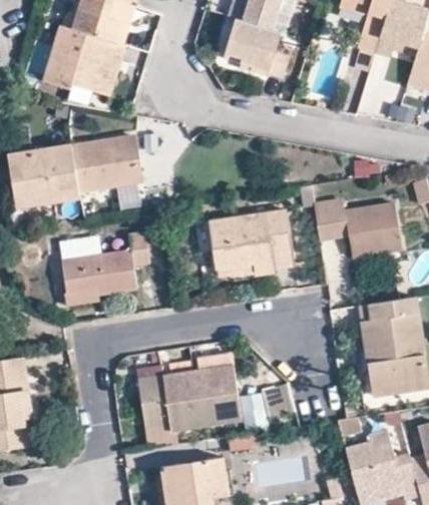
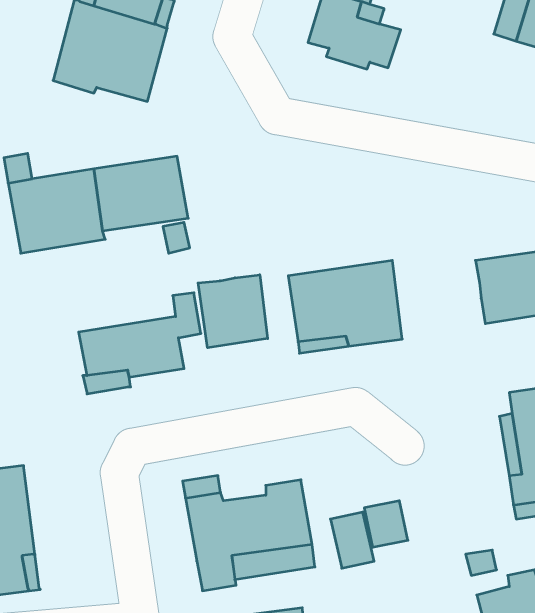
building: [313,197,348,241] -> none
building: none -> [198,275,268,348]

